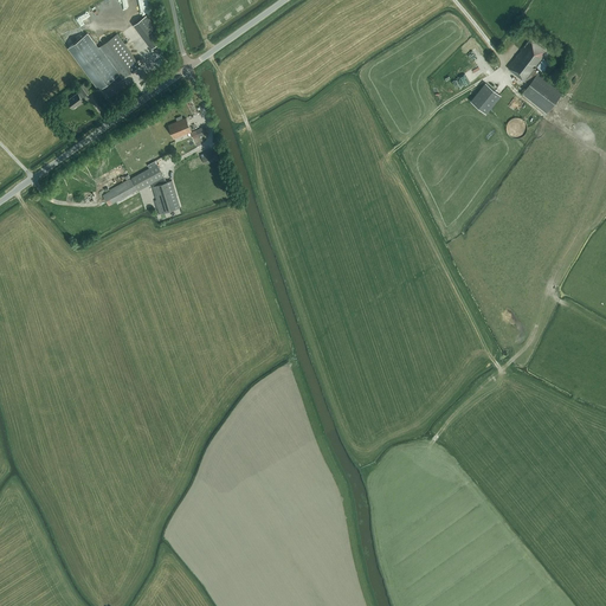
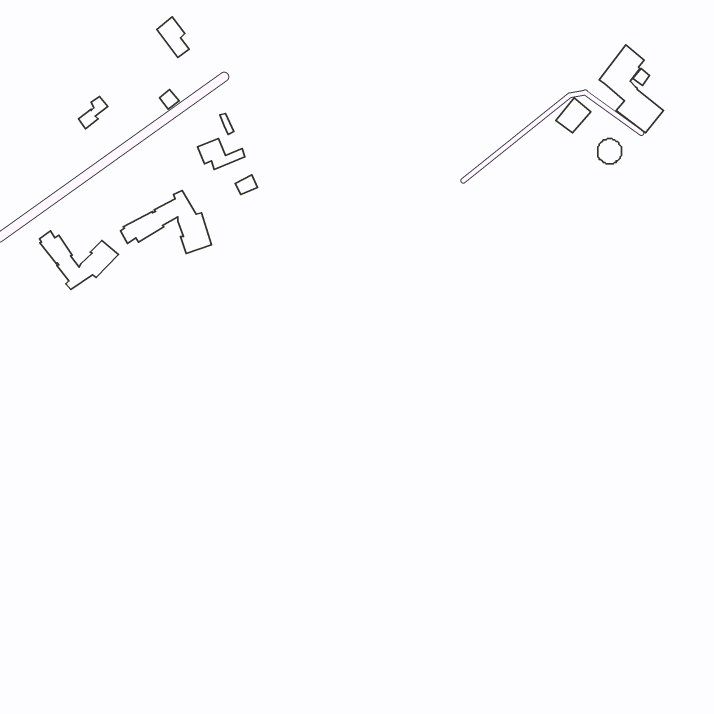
building: [66,34,140,91] -> none
building: none -> [39,231,118,290]

